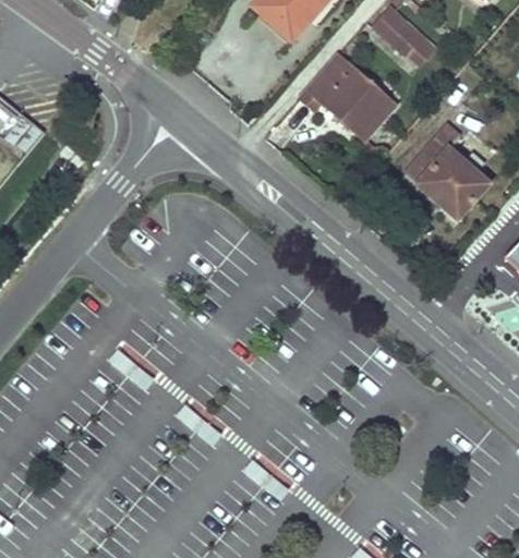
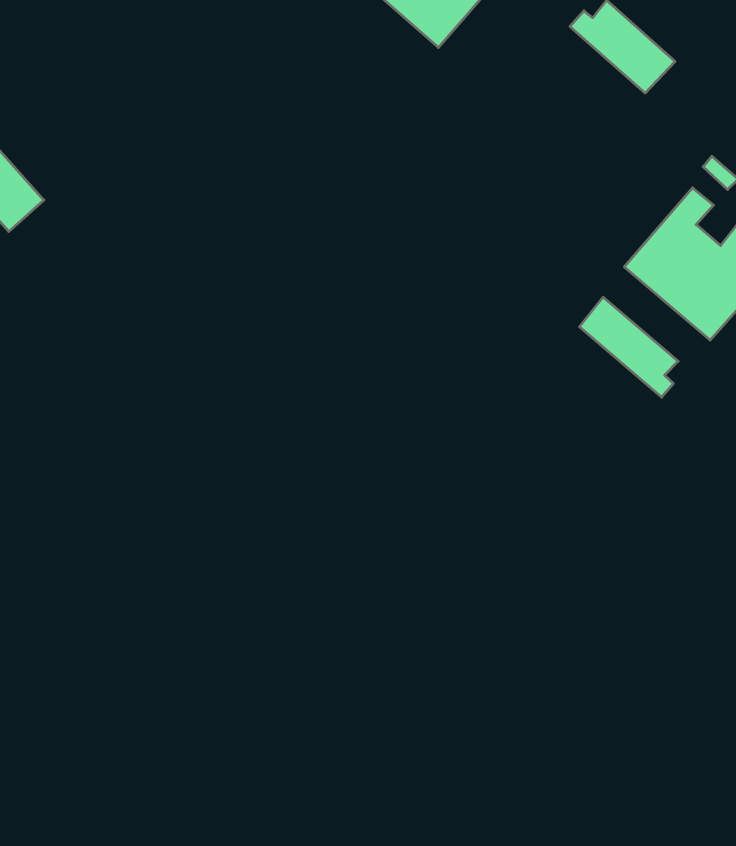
building: [300,53,393,136] -> none
building: none -> [580,297,678,397]

